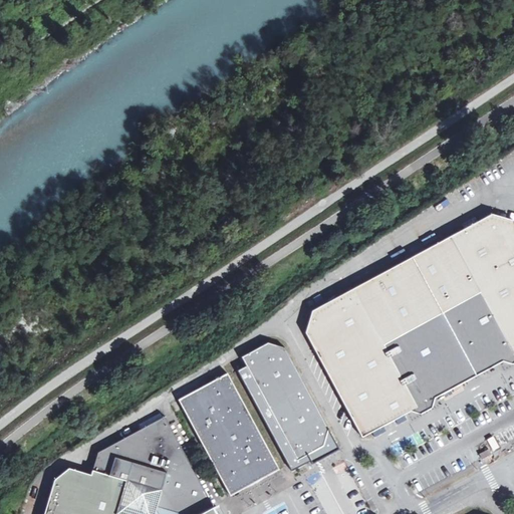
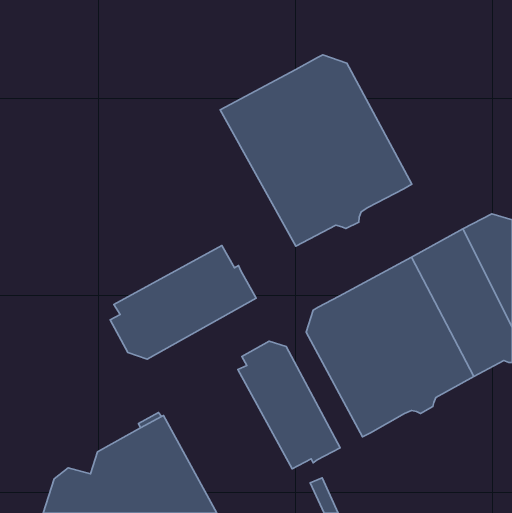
building: none -> [220,55,412,246]
building: none -> [110,245,256,359]
building: [178,372,280,495] -> none

